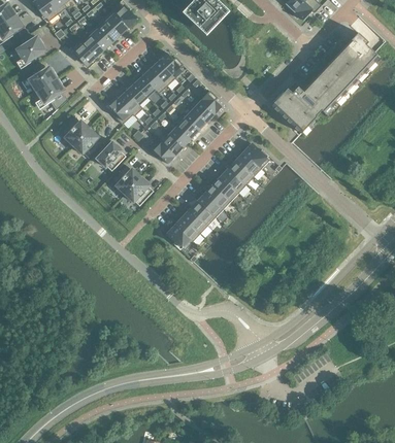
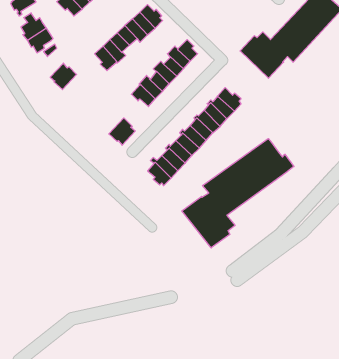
building: [73,129,102,158] -> none
building: [95,141,125,171] -> none
building: [110,165,140,194] -> none
building: none -> [182,139,294,248]

